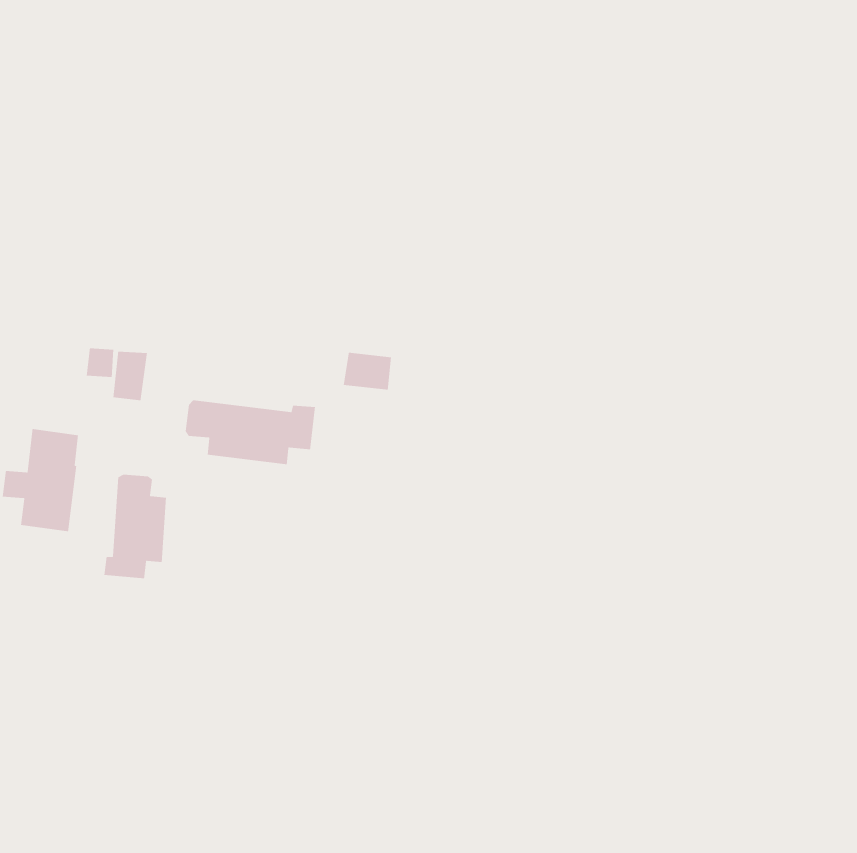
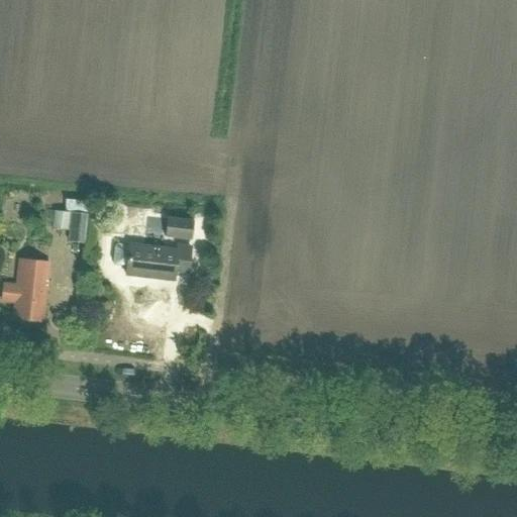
building: [343,352,392,391] -> [165,215,194,238]
building: [103,474,167,579] -> none

